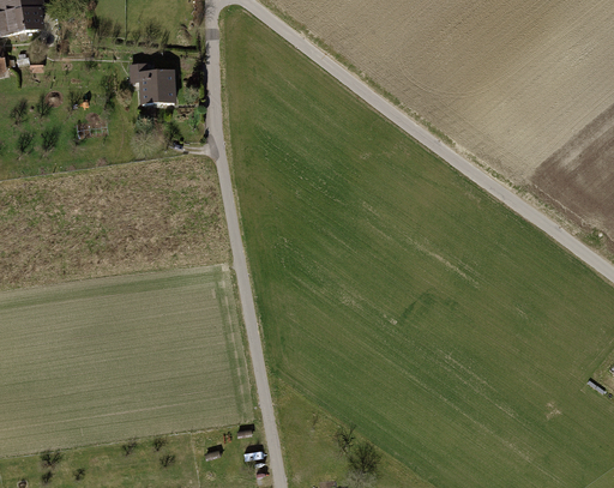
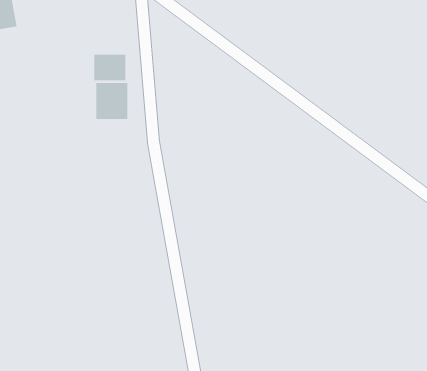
building: none -> [96,82,128,120]

